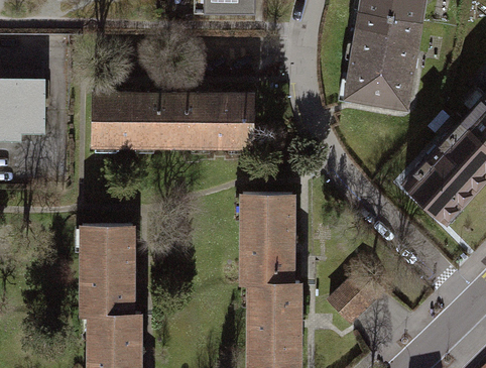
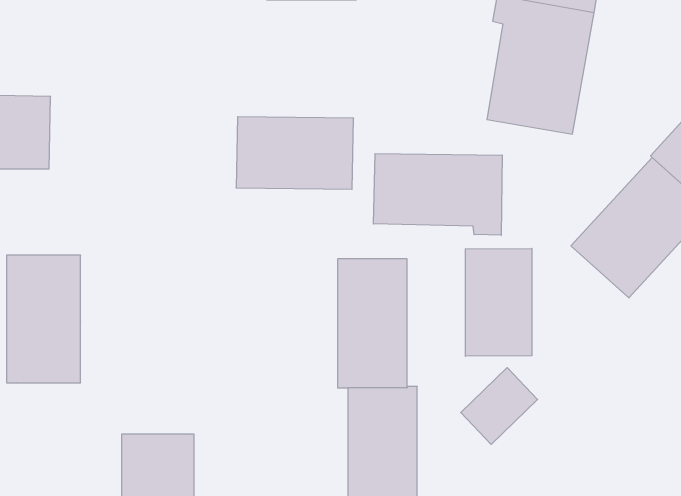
building: [91,96,171,145] -> none
building: none -> [373,154,502,235]
building: none -> [465,248,532,356]
building: [84,228,135,317] -> [7,255,81,383]

